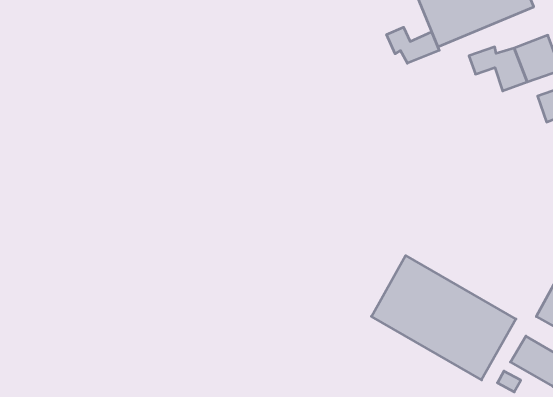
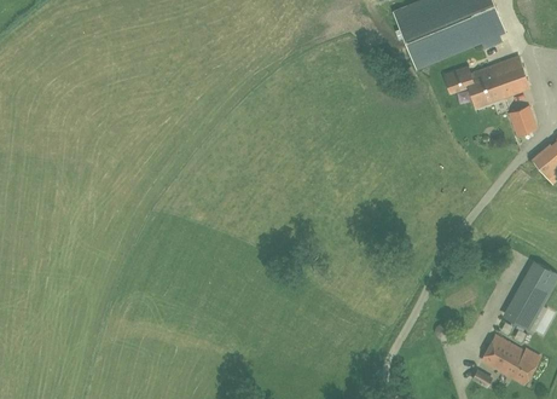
building: [387,27,439,63] -> none
building: [371,256,516,380] -> none

